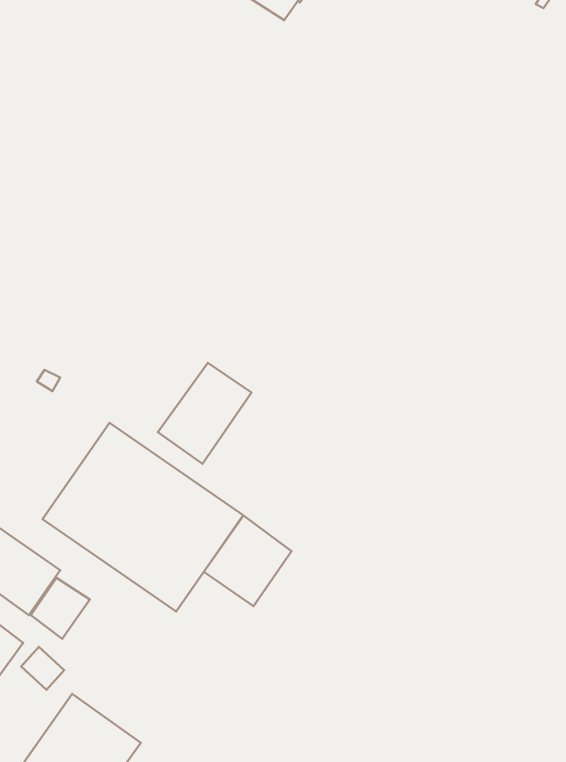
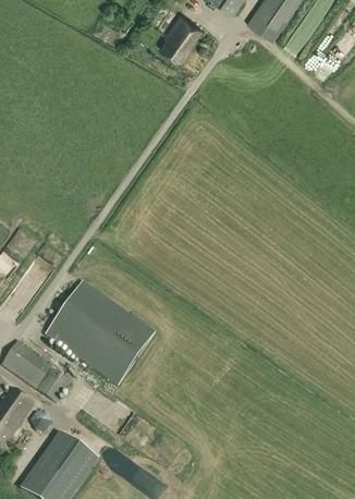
building: [158,363,252,464] -> none
building: [204,516,291,606] -> none

